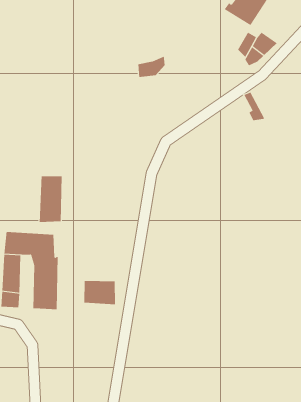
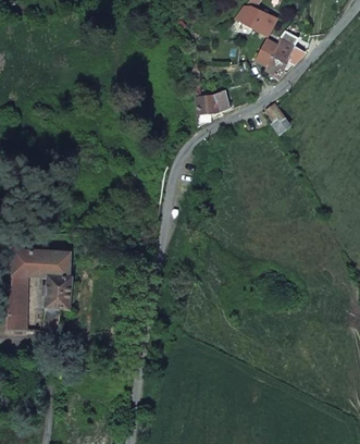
building: [138,56,166,78] -> [193,90,222,113]
building: [39,176,62,223] -> none
building: [84,280,116,305] -> none

